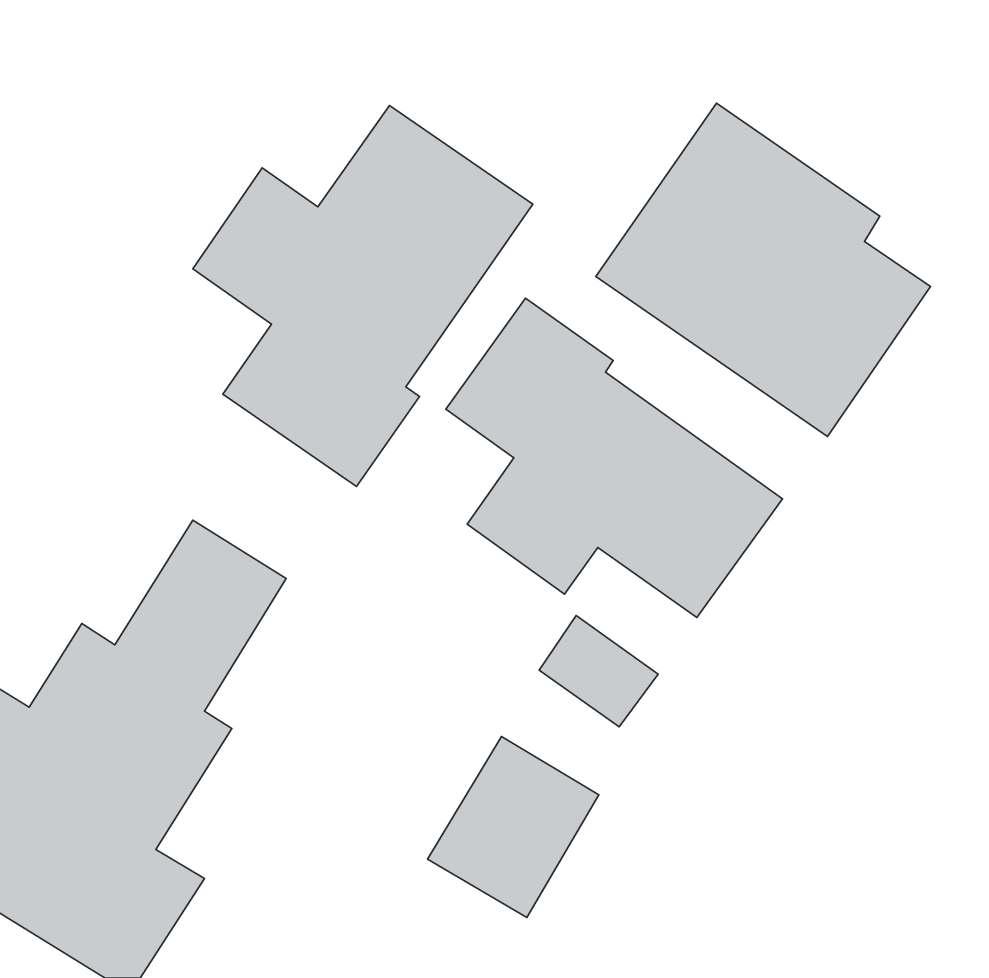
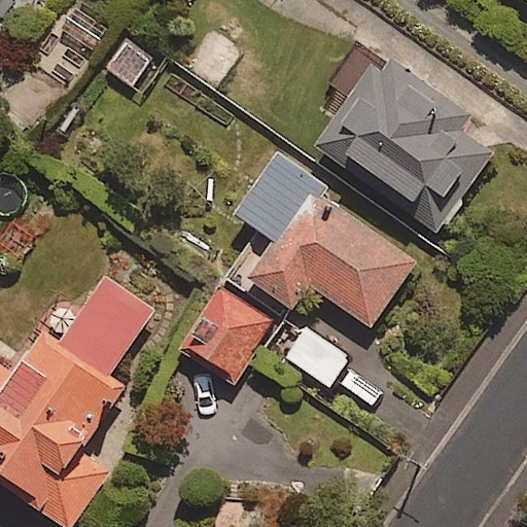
building: [193,105,533,487] -> none
building: [428,736,599,918] -> [182,285,273,381]

